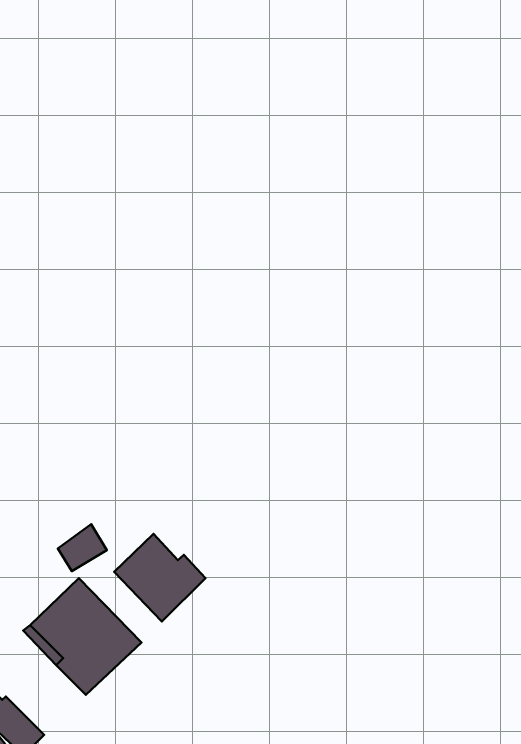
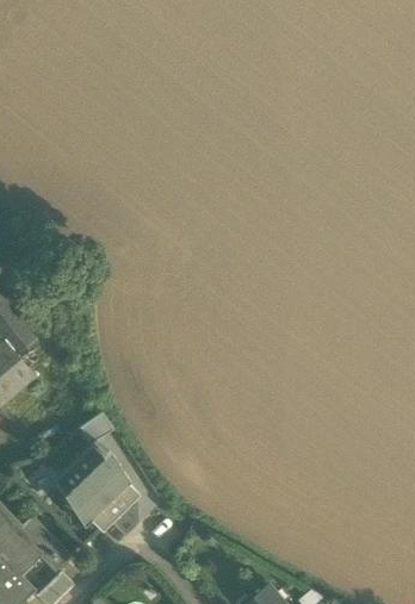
building: [114,534,206,622] -> none

